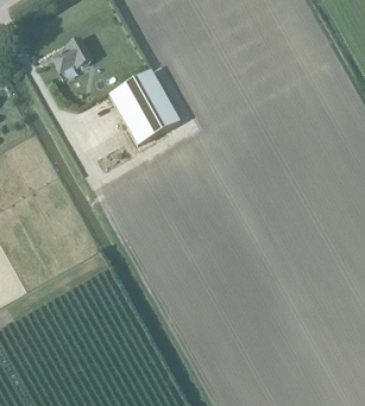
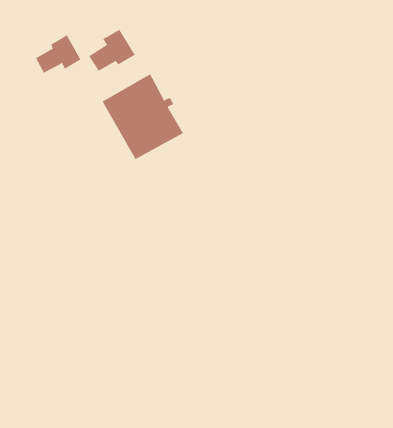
building: none -> [89,29,136,72]

